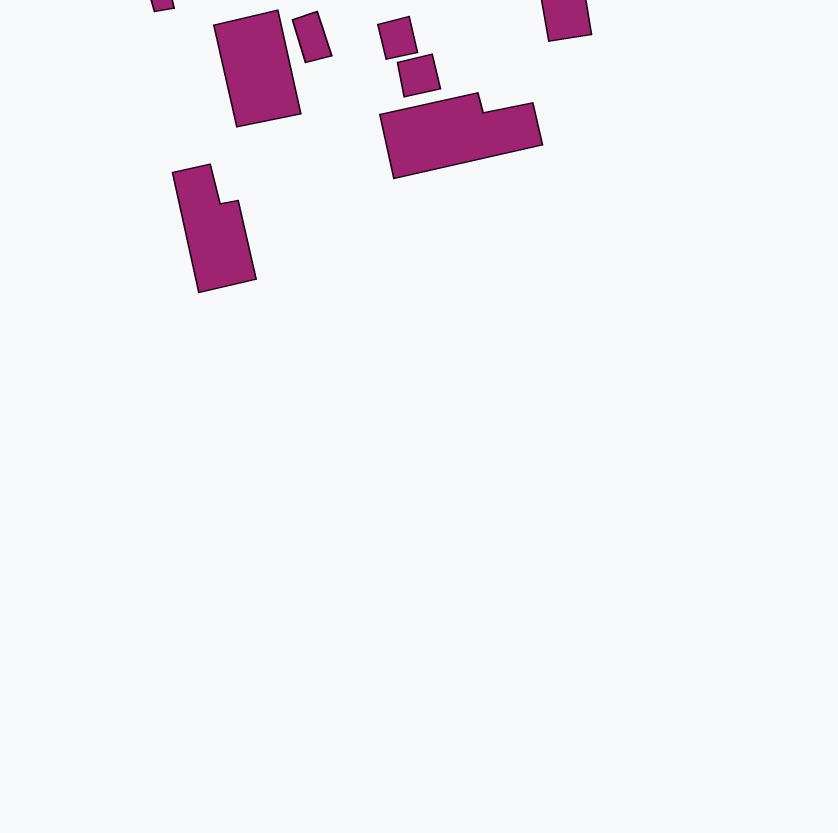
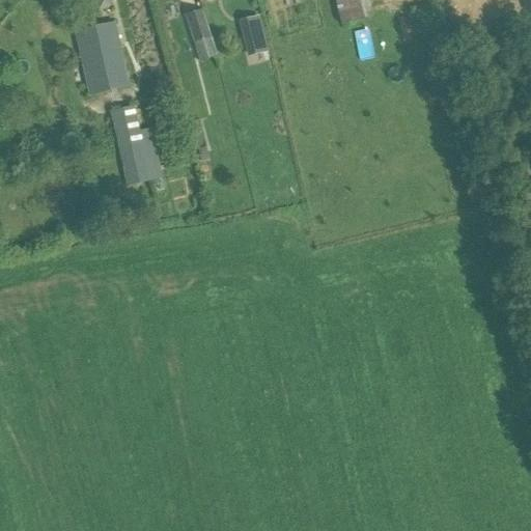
building: [214,10,301,127] -> [74,20,129,93]
building: [380,93,542,179] -> none

